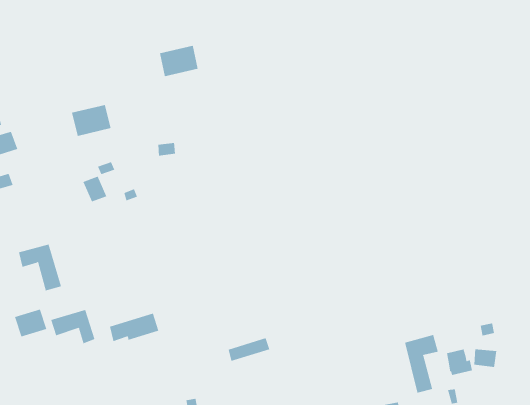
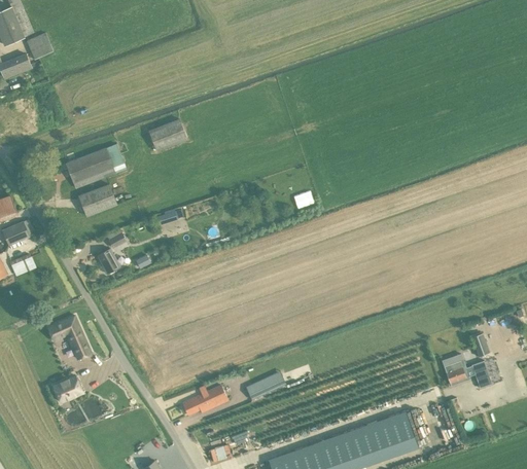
building: none -> [65,143,120,186]
building: [51,309,95,344] -> none
building: [109,313,159,342] -> [181,384,226,414]
building: [405,334,439,393] -> none

